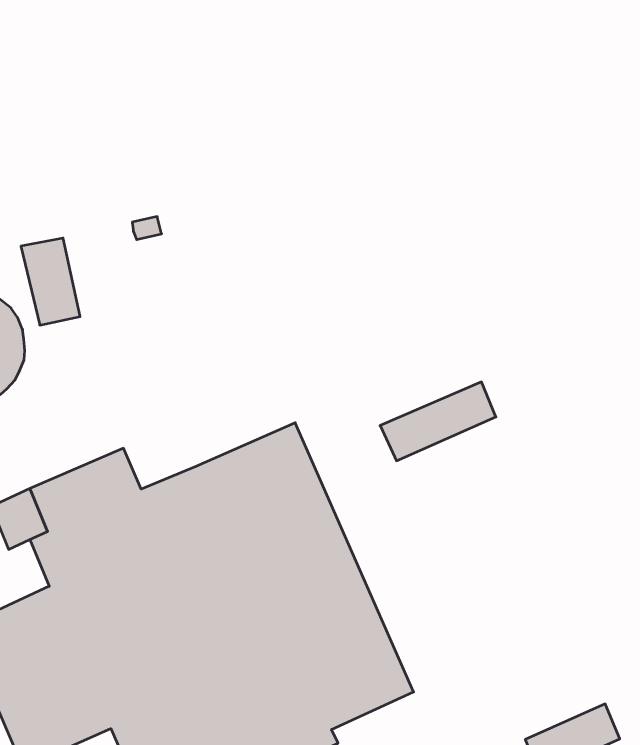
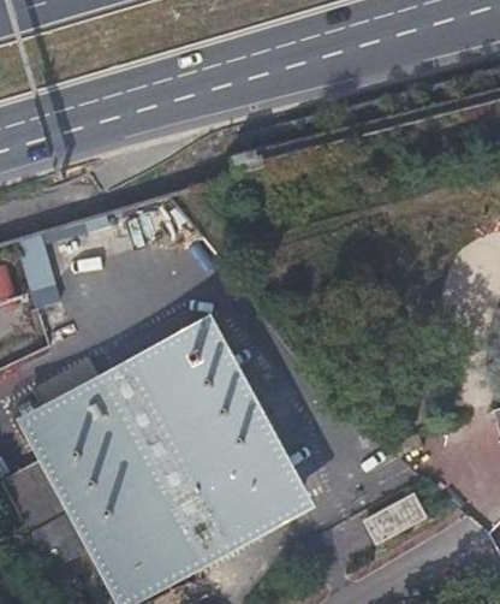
building: [380,382,496,461] -> [141,312,214,366]

